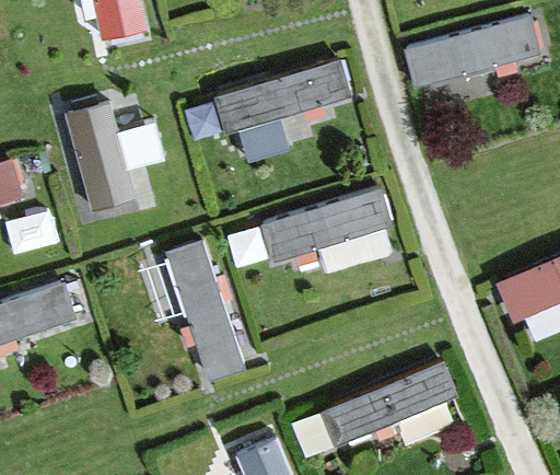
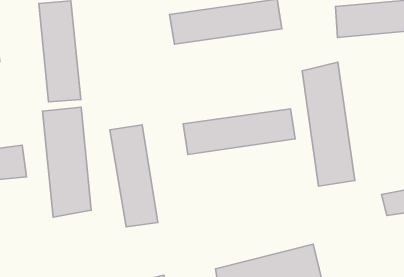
building: none -> [302,62,355,186]
building: none -> [43,107,91,217]

